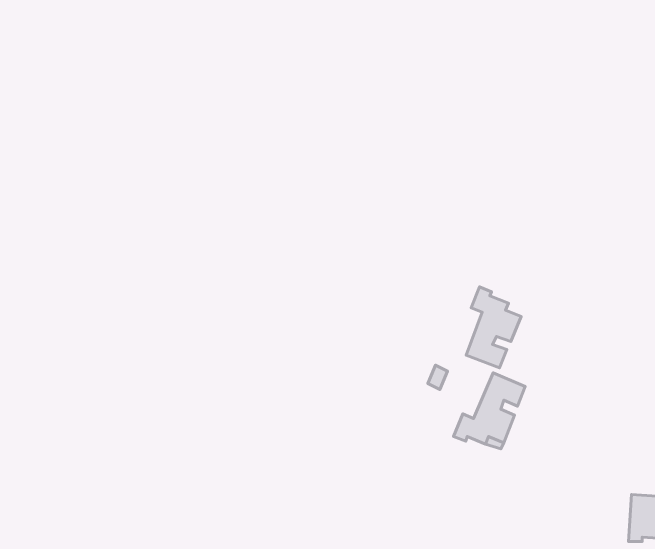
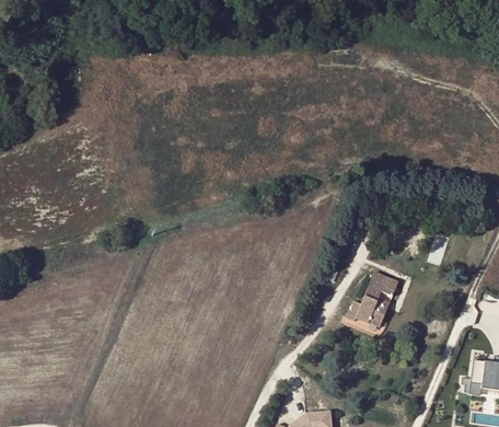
building: [466,287,521,368] -> none

